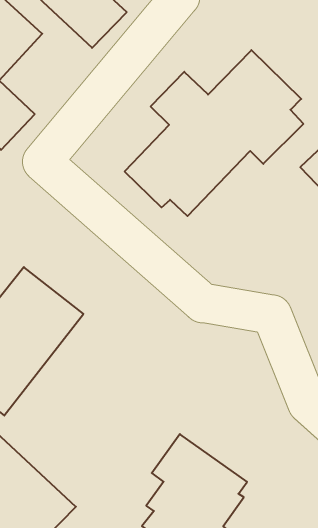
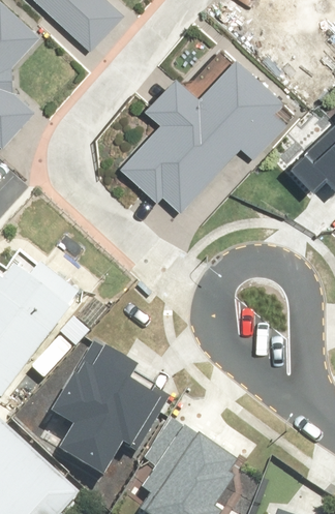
building: none -> [48,338,158,473]

